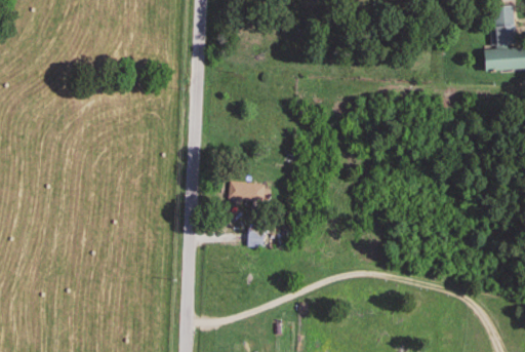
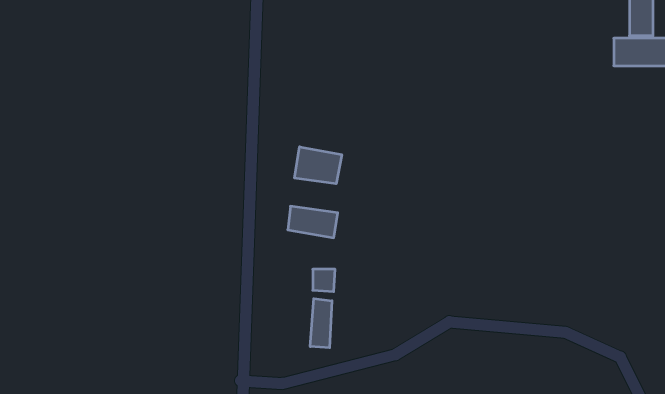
building: none -> [295,147,342,184]
building: none -> [310,299,332,348]

